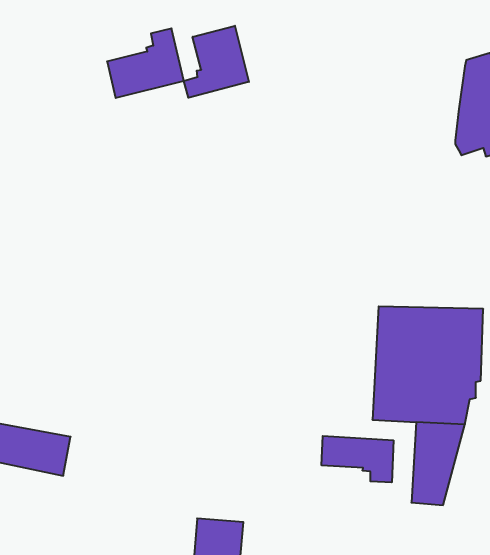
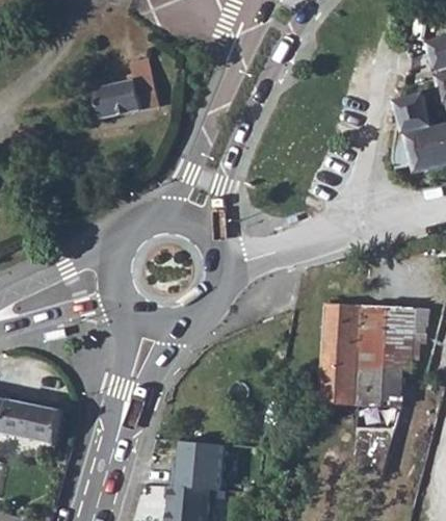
building: [184,26,249,98] -> none
building: [322,436,393,482] -> none
building: none -> [170,437,225,485]

